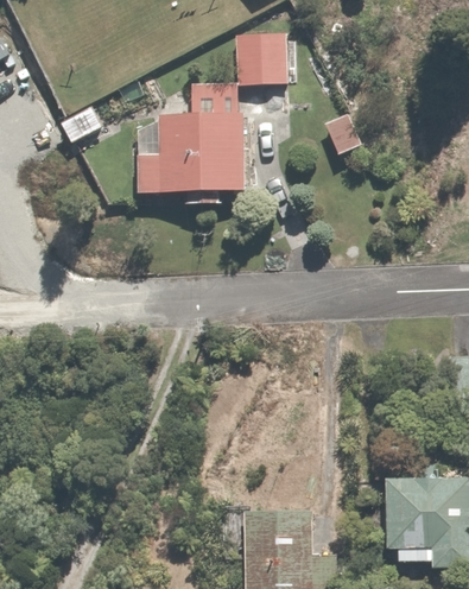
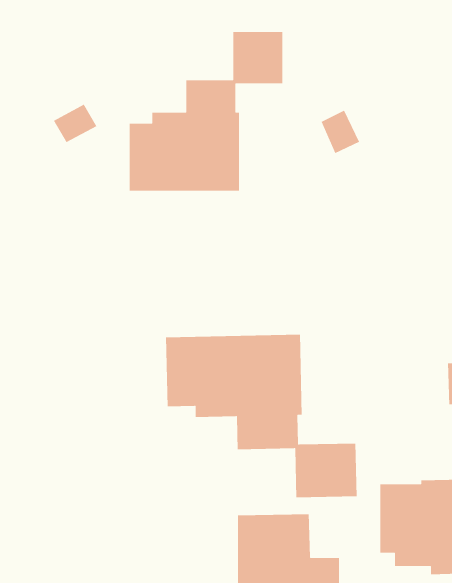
building: none -> [165,334,357,498]

